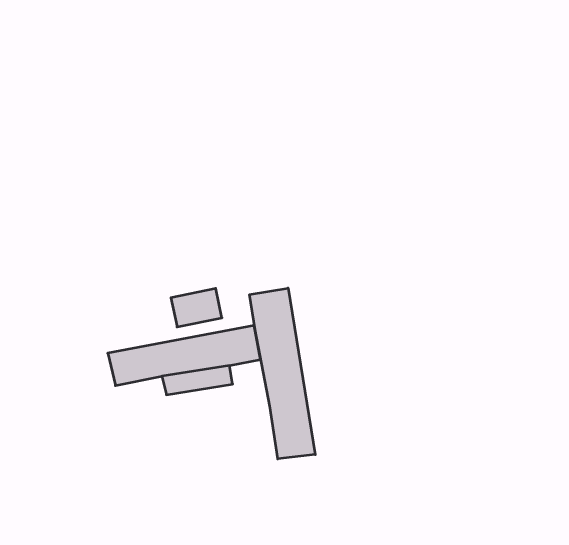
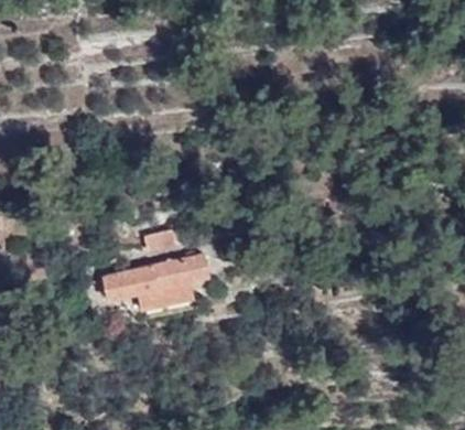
building: [250,288,315,459] -> none

